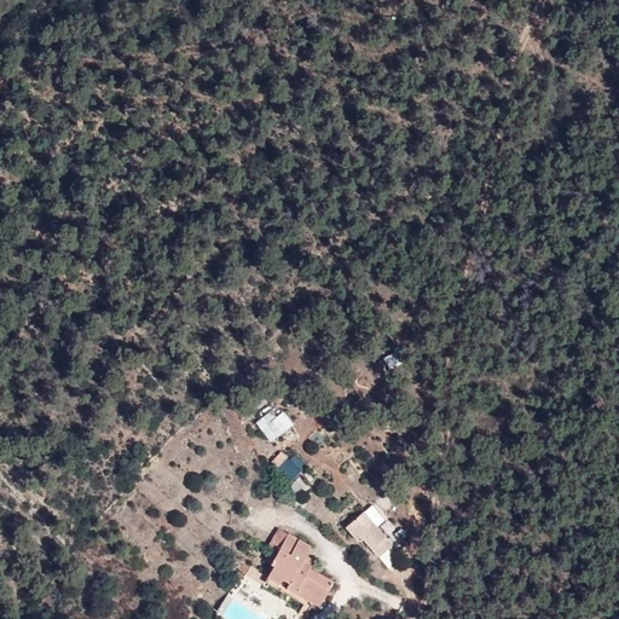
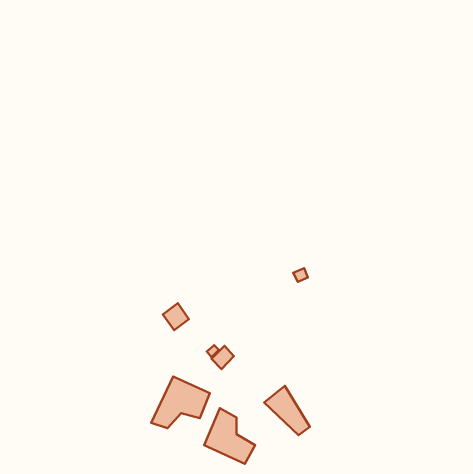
building: [254,406,288,441] -> [163,303,189,330]
building: none -> [151,377,210,428]

